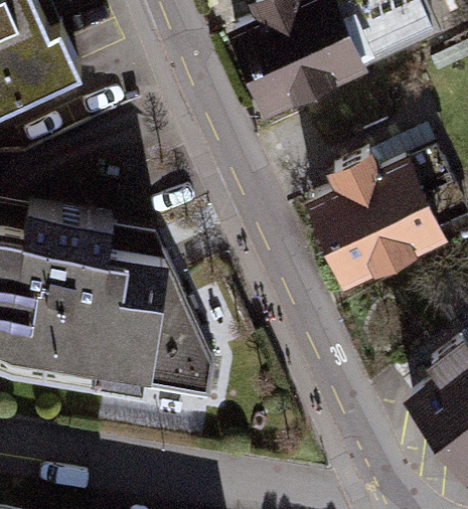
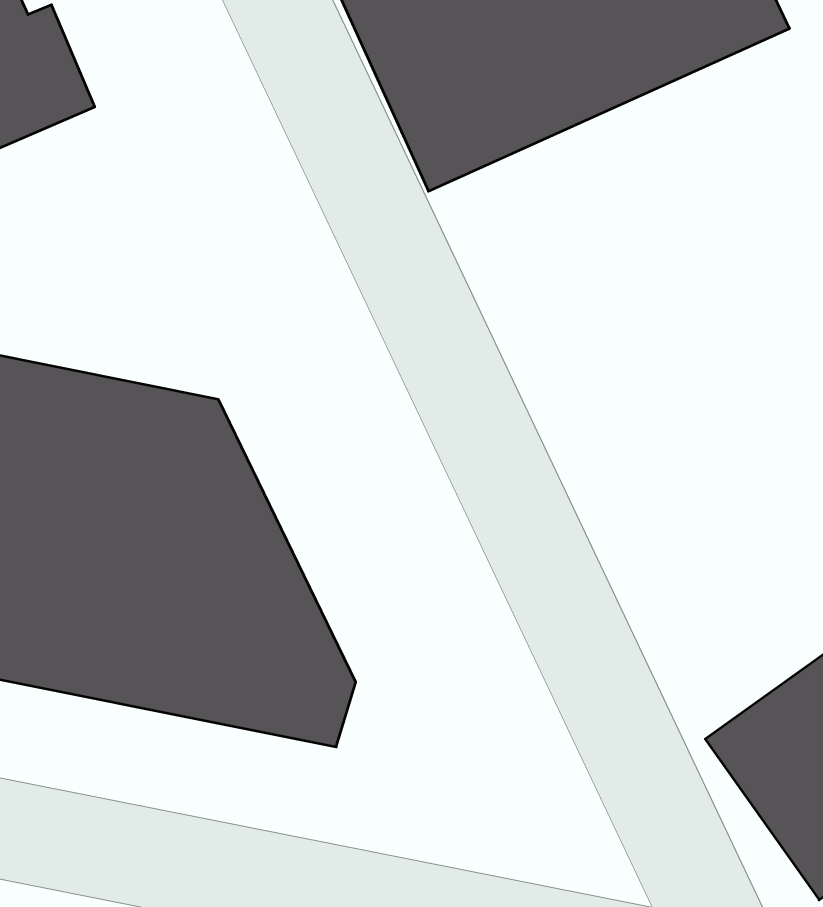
building: [303,147,454,292] -> none

